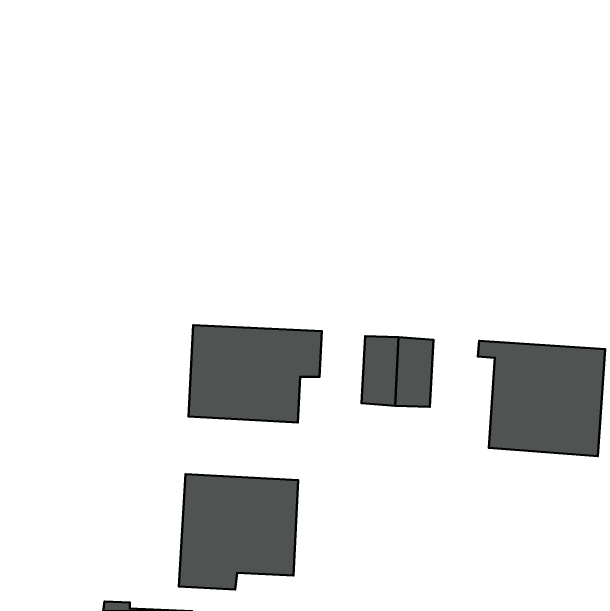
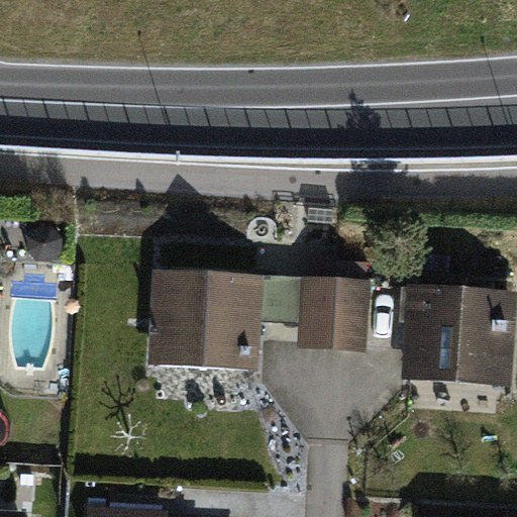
building: [179,474,298,589] -> none

